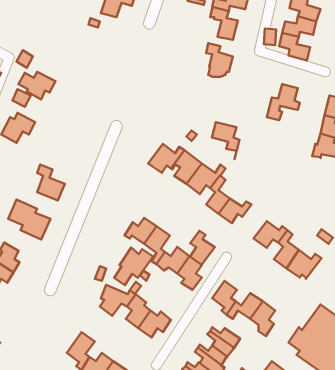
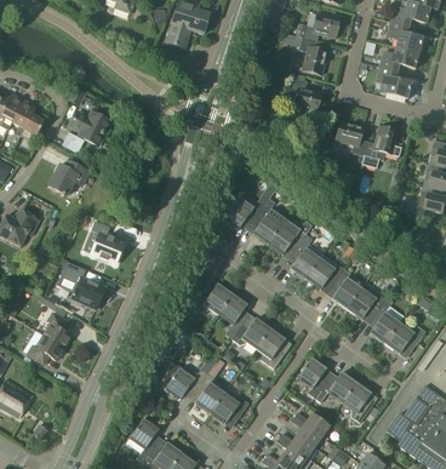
building: [212,122,240,159] -> [334,121,367,165]
building: [190,231,215,265] -> [332,268,361,308]
building: [114,248,153,285] -> none

